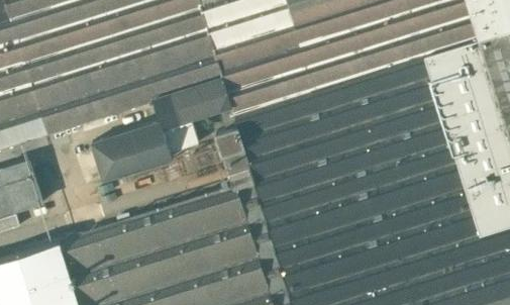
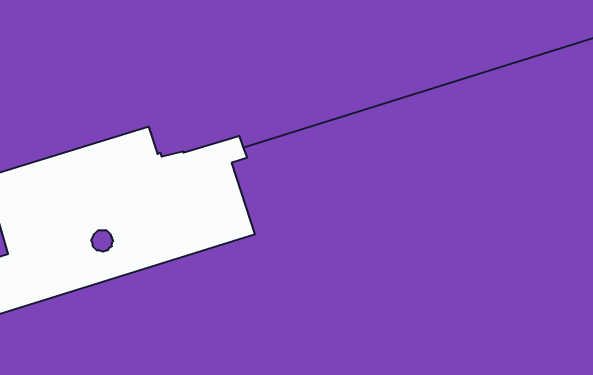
building: [92,123,186,182] -> none

